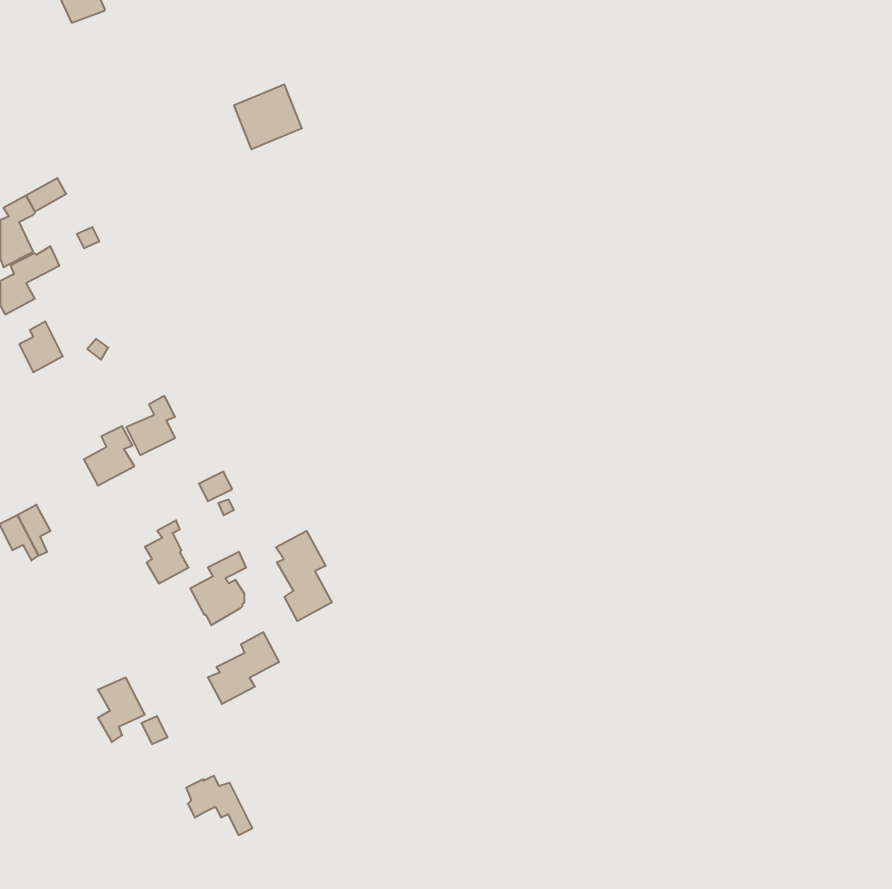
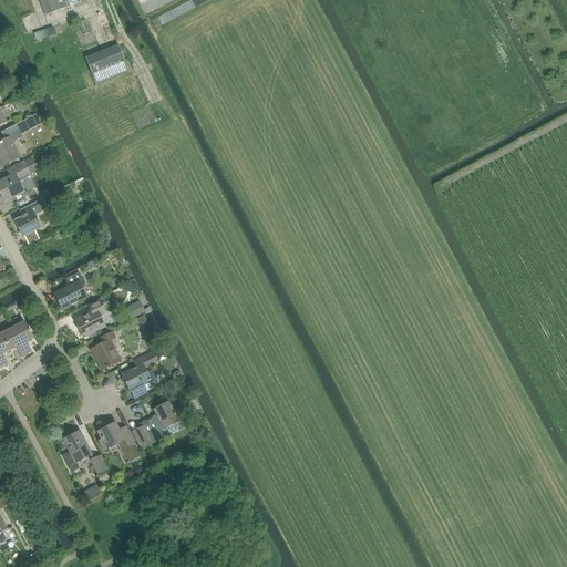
building: [234,85,302,149] -> [85,43,128,84]
building: [126,396,175,455] -> [73,298,104,336]
building: [276,531,332,621] -> none
building: [186,776,252,835] -> [97,422,140,460]

